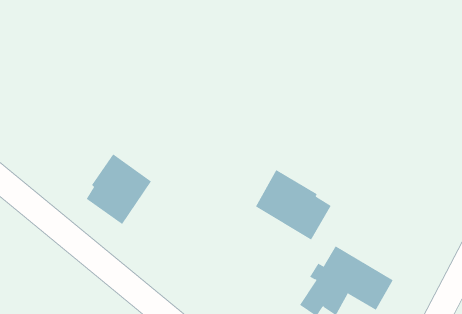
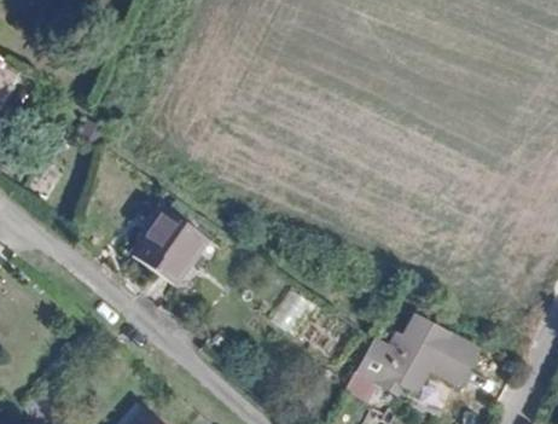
building: [255,169,331,240] -> none

